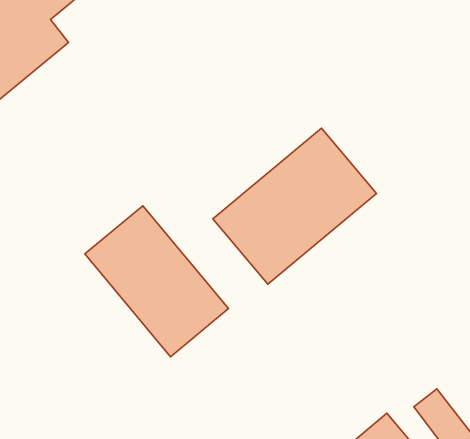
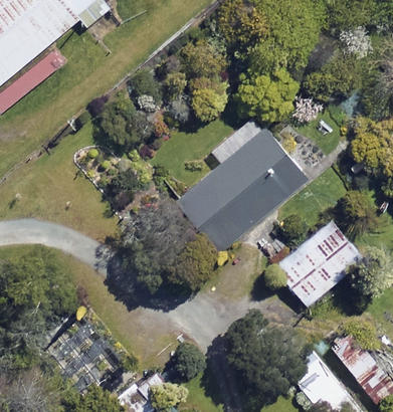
building: [85,206,229,357] -> none
building: none -> [273,219,364,305]

